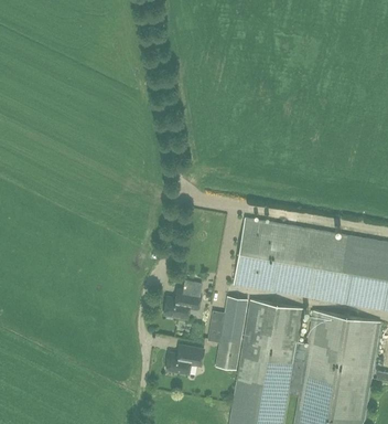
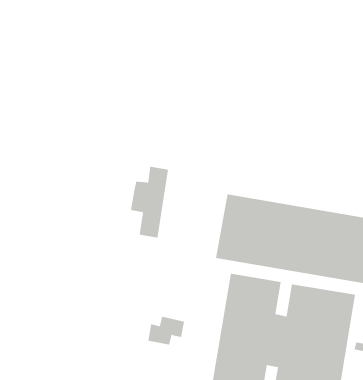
building: [162,289,200,319] -> none
building: [206,296,246,370] -> [130,166,169,238]

